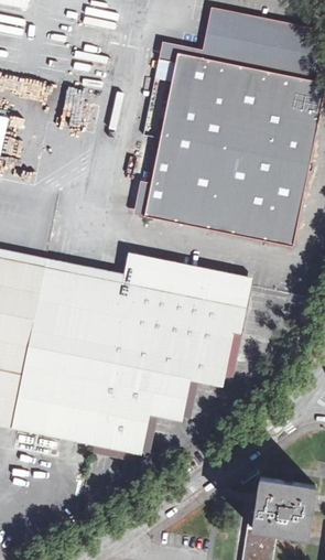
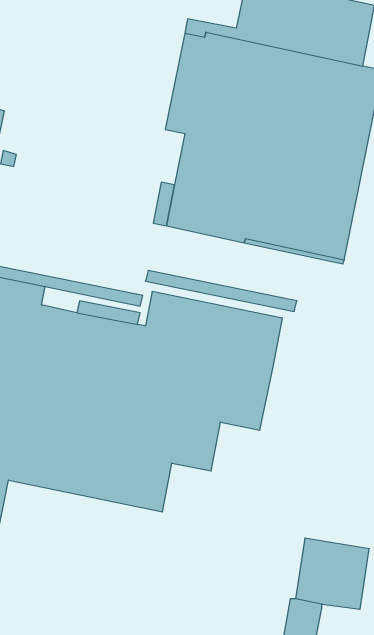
building: [126,262,251,335] -> none

